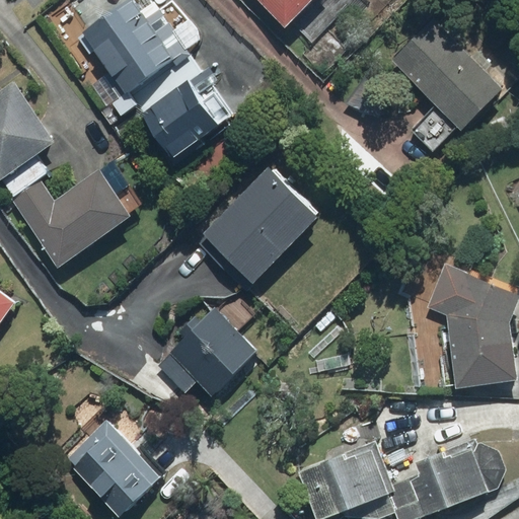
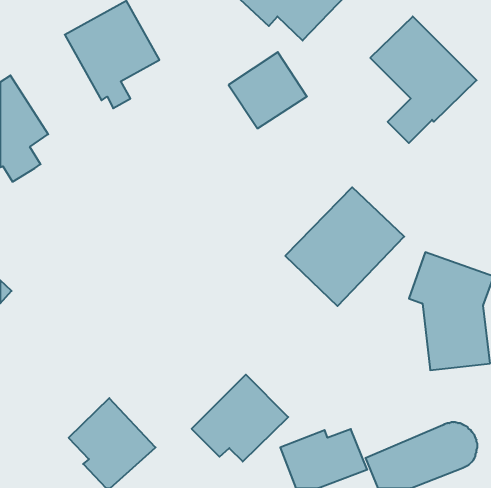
building: [140,80,222,160] -> [229,52,307,128]
building: [8,158,131,270] -> none
building: [197,163,321,288] -> [285,187,404,306]
building: [158,303,260,394] -> [192,375,288,462]

